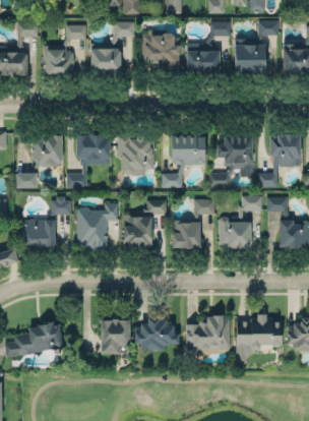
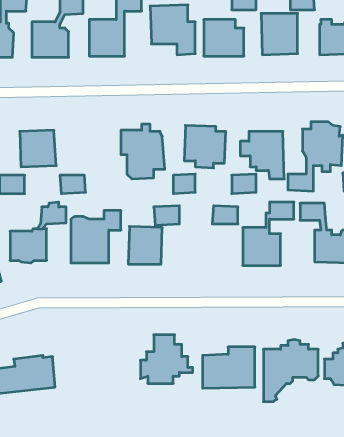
building: [73,130,111,160] -> none
building: [172,222,201,249] -> none
building: [101,320,130,355] -> none

